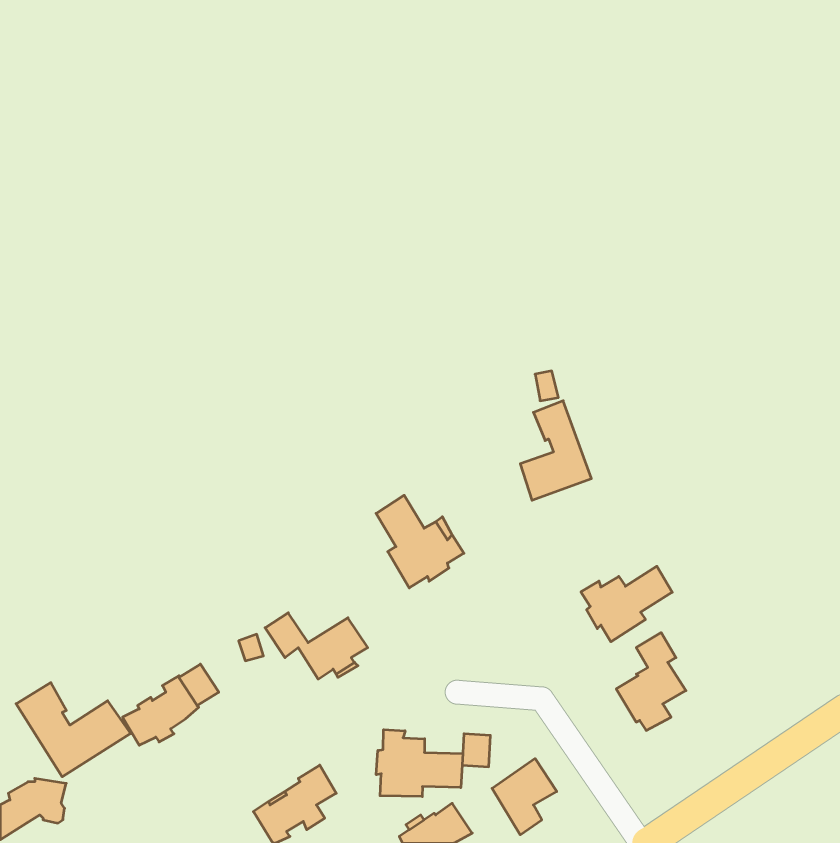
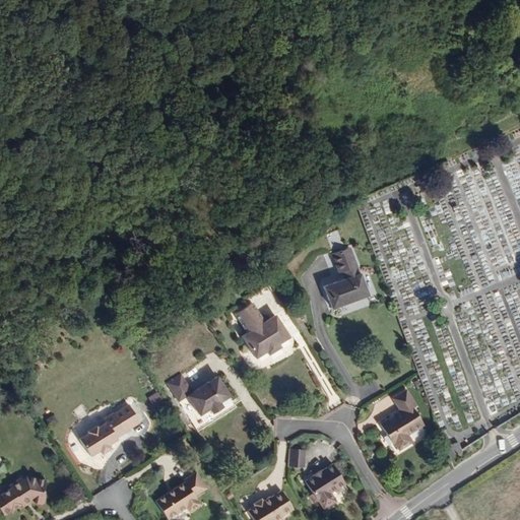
building: [581,566,672,642] -> none
building: [16,683,131,777] -> none
building: [376,730,463,797] -> none

